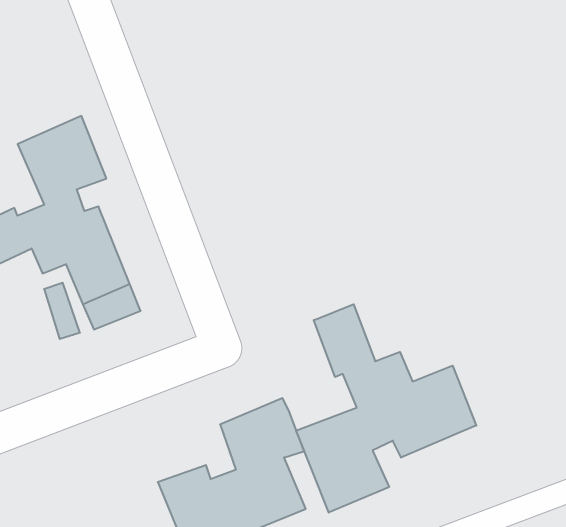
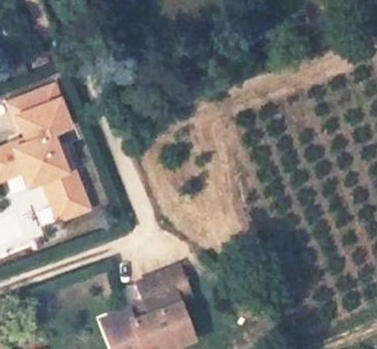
building: [296,304,476,513] -> none

